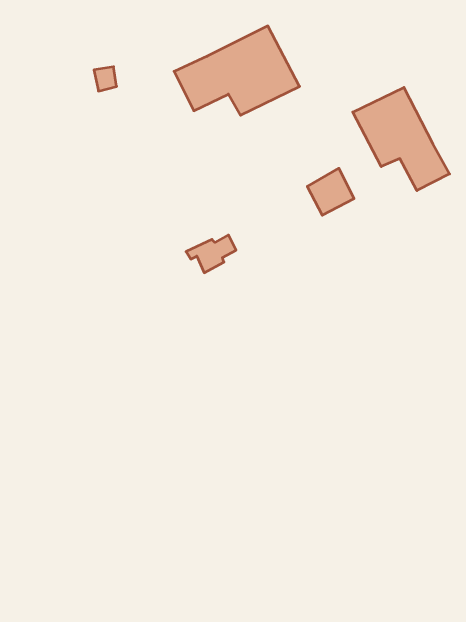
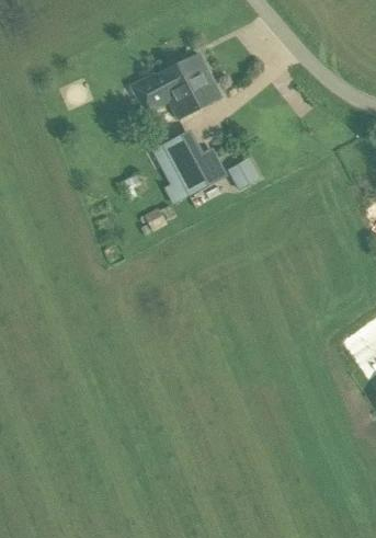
building: [353,87,450,191] -> none
building: none -> [152,131,214,202]

